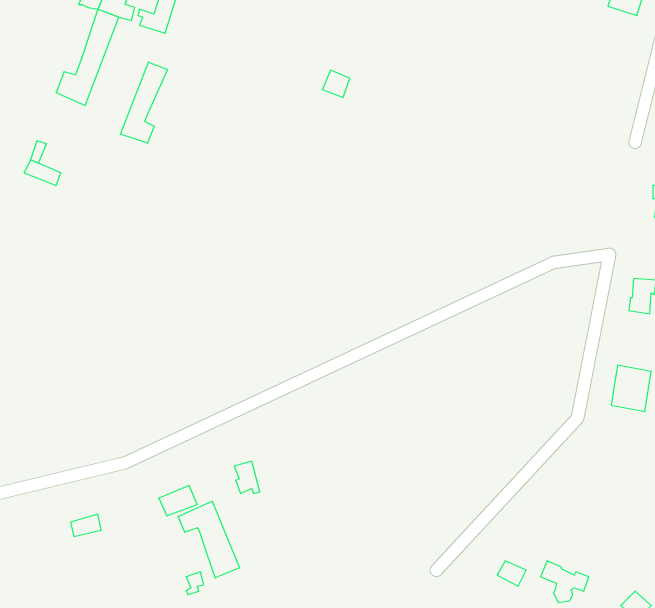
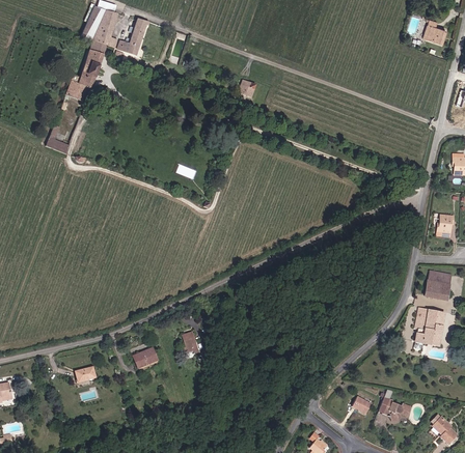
building: [120,62,167,143] -> none
building: none -> [415,308,445,345]
building: [178,501,240,578] -> none

